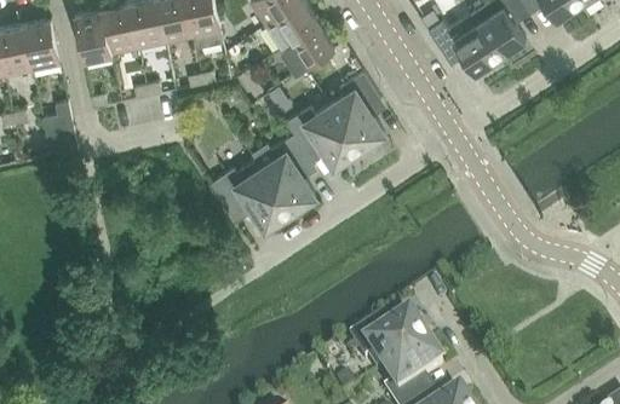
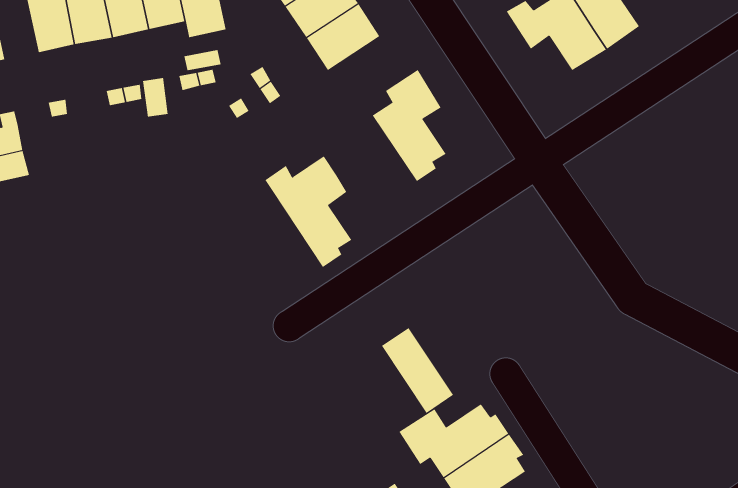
building: [286,100,362,161] -> none
building: [211,155,293,224] -> none
building: none -> [381,327,454,414]

